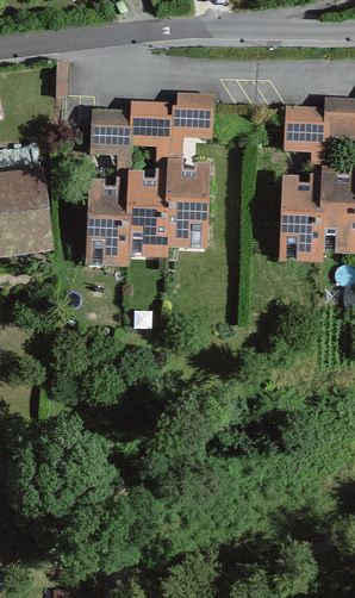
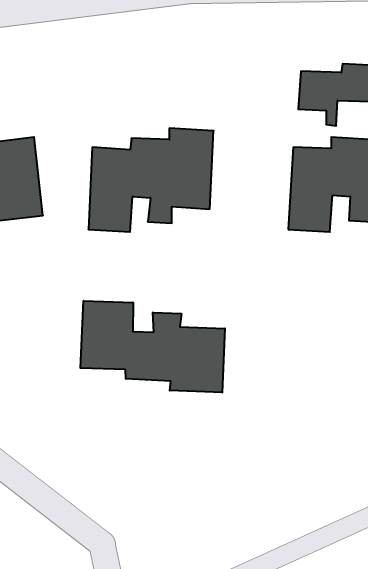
building: [92,96,211,166] -> none
building: none -> [80,301,225,393]

